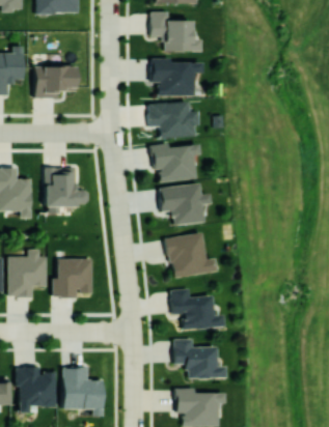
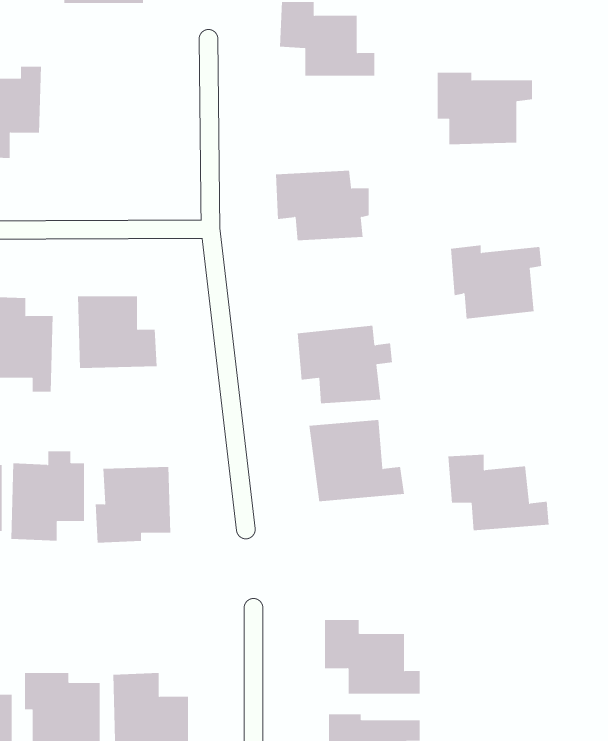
building: [152,58,202,96] -> [437,72,533,145]
building: [35,66,77,98] -> none
building: [152,143,200,182] -> [450,245,542,319]
building: [170,289,224,330] -> [447,454,549,531]

